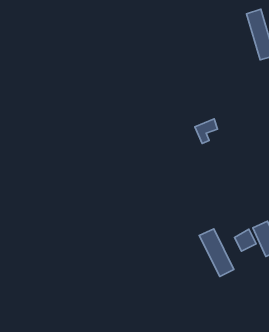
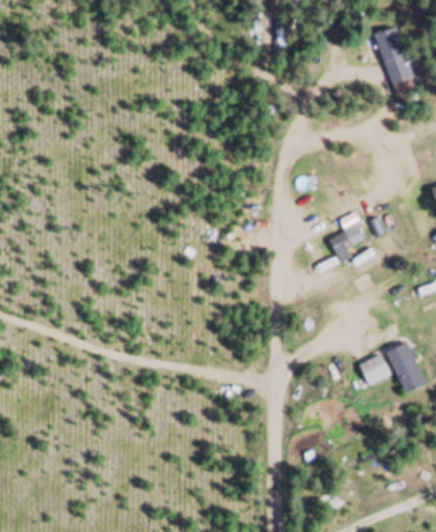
building: [195,119,217,144] -> [330,223,363,260]
building: [199,229,234,277] -> none

